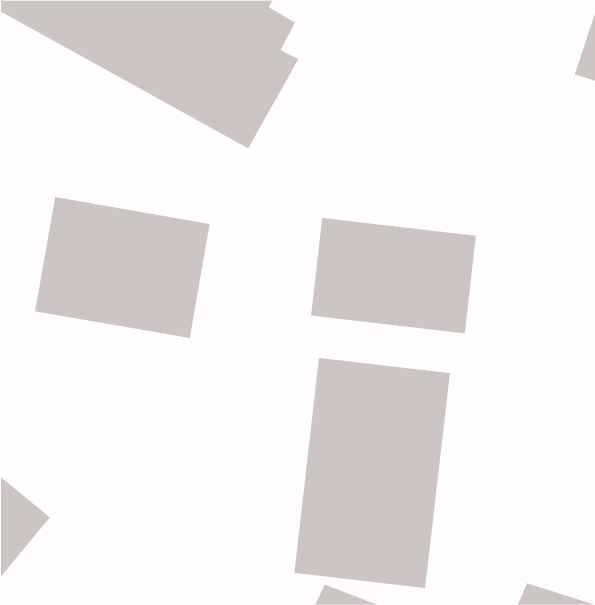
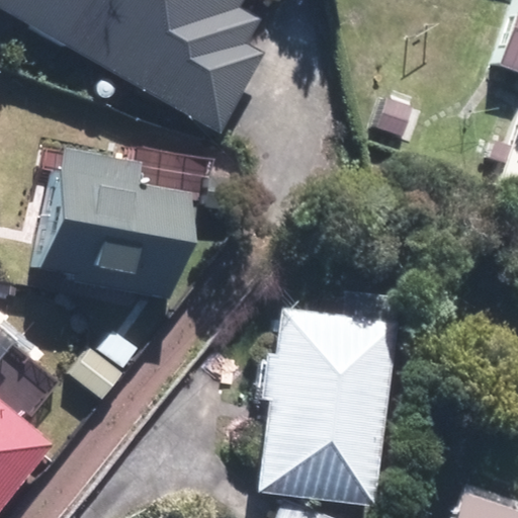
building: [310,217,477,334] -> none

